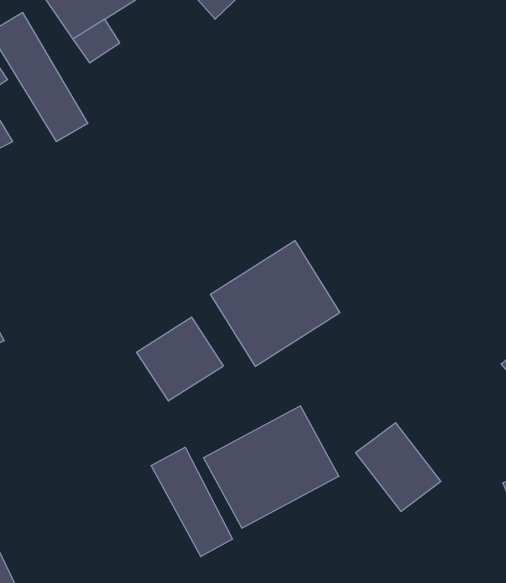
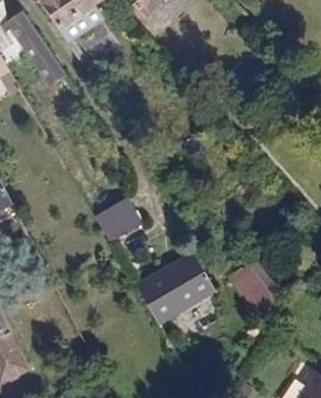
building: [210,241,340,366] -> none
building: [151,447,233,557] -> none

